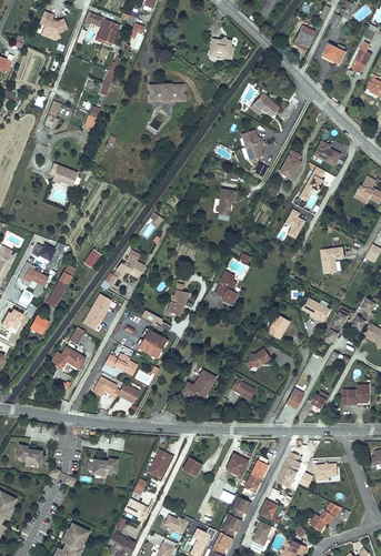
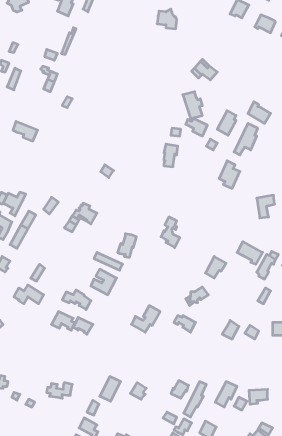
building: [149,83,183,103] -> none
building: [82,293,112,330] -> none

